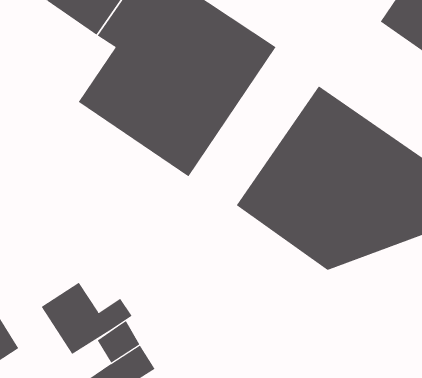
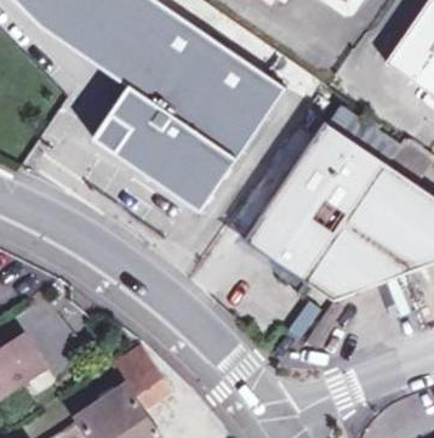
building: [41,282,133,355] -> none

